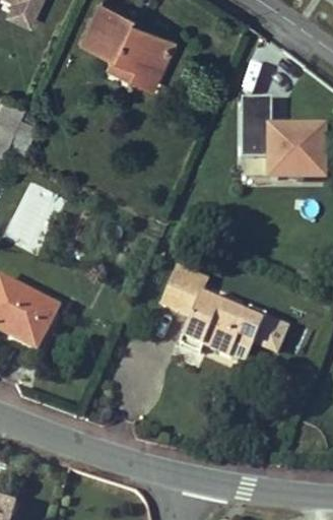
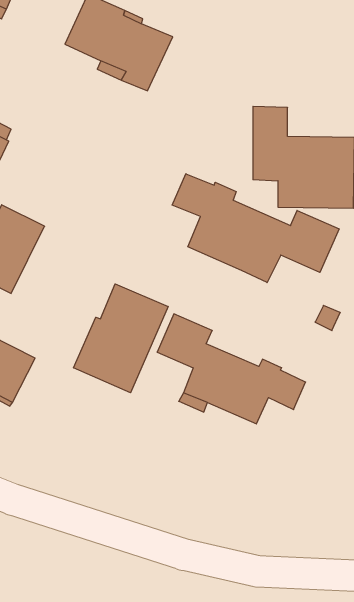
building: none -> [172,174,339,283]
building: none -> [74,284,168,393]

